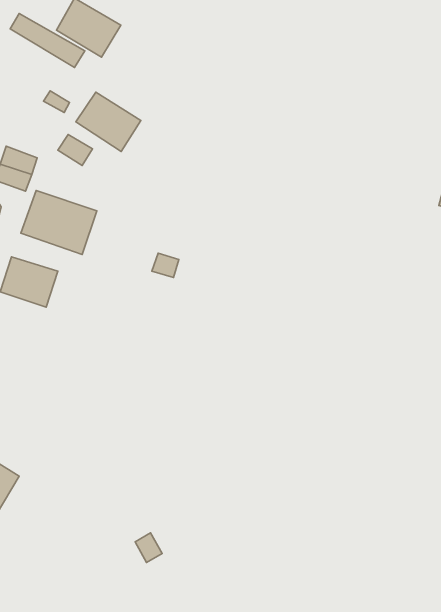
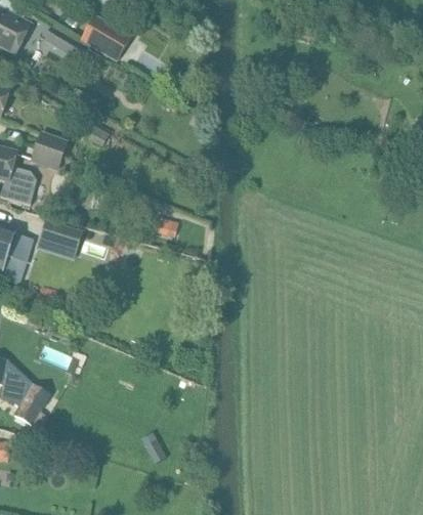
building: [76,92,141,151] -> none
building: [21,191,97,254] -> none

